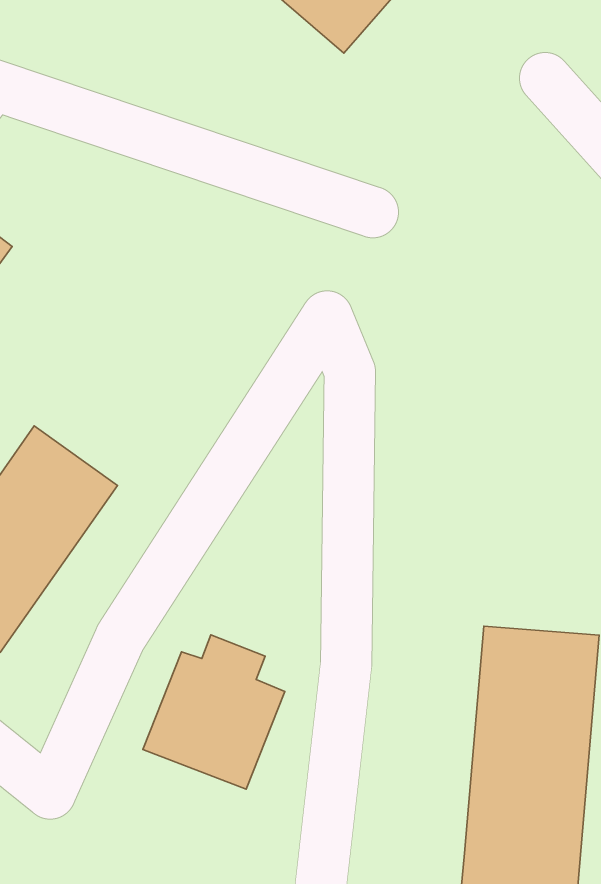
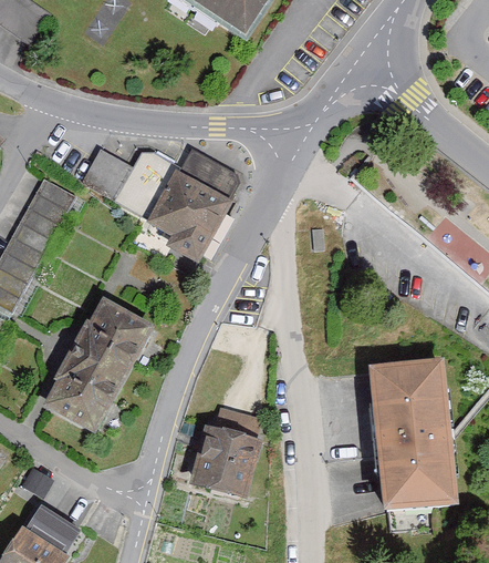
building: none -> [79,141,243,266]

